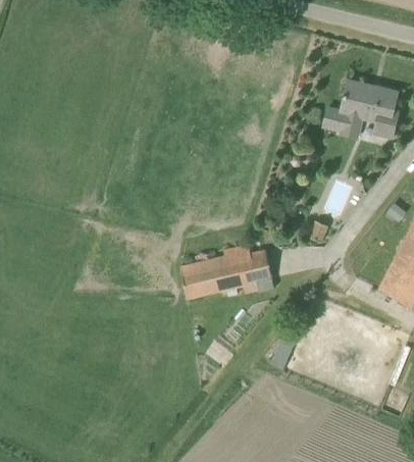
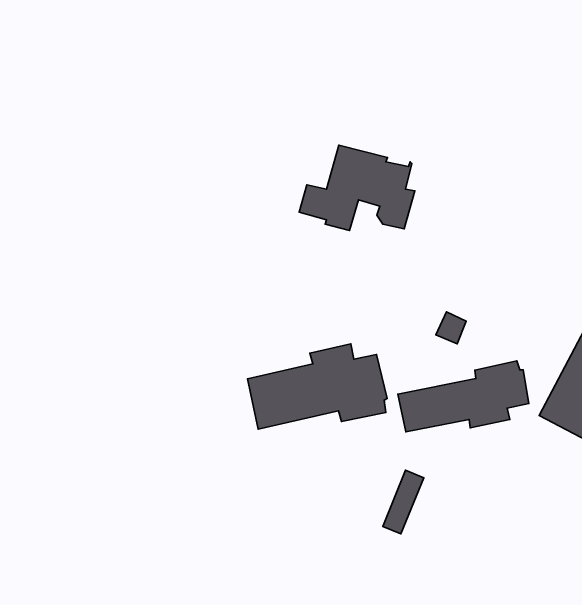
building: [322,81,400,138] -> [299,145,415,230]
building: none -> [398,361,529,432]

